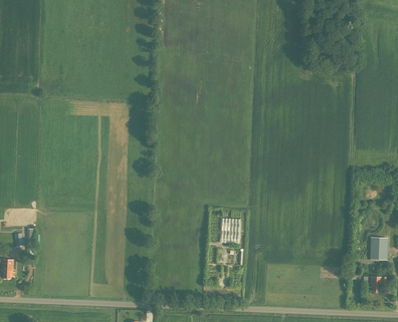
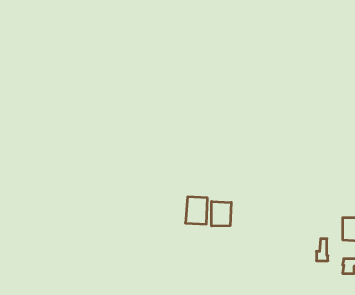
building: none -> [212,201,231,226]

